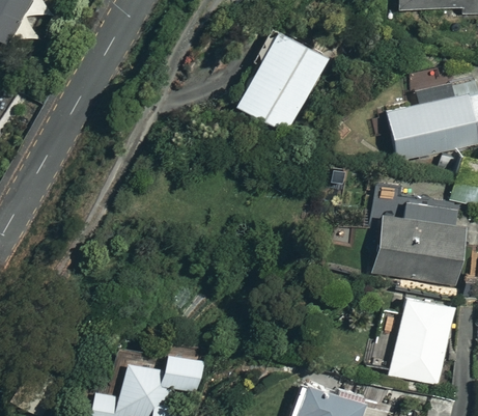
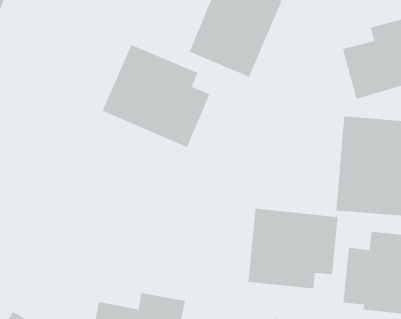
building: none -> [102,44,210,148]
building: none -> [248,208,338,289]

